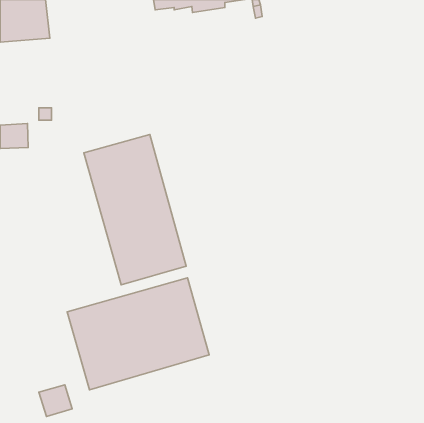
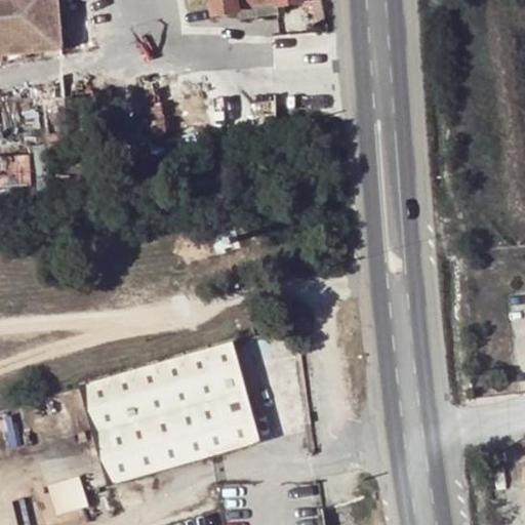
building: [84,135,186,285] -> none

